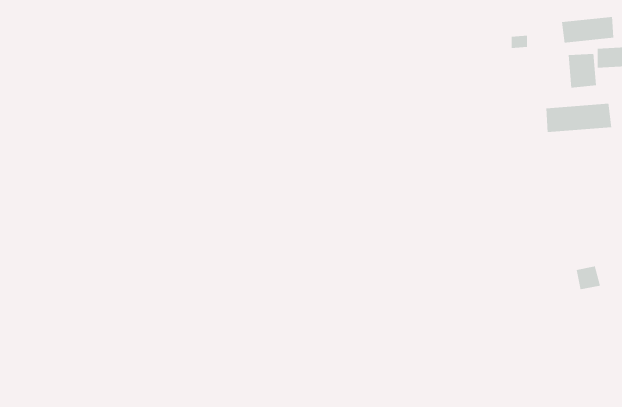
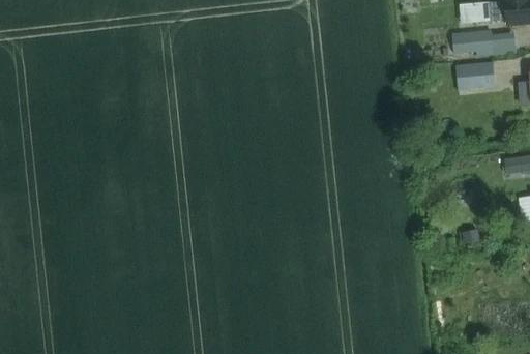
building: [546,103,612,133] -> none

